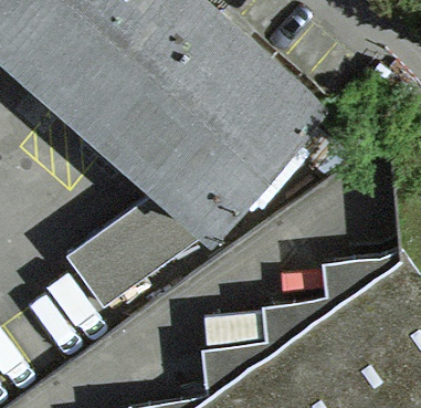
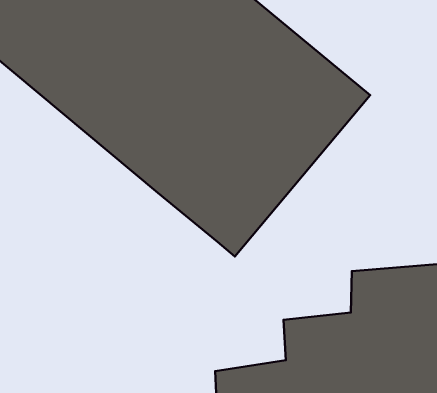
building: [64,190,204,307] -> none

